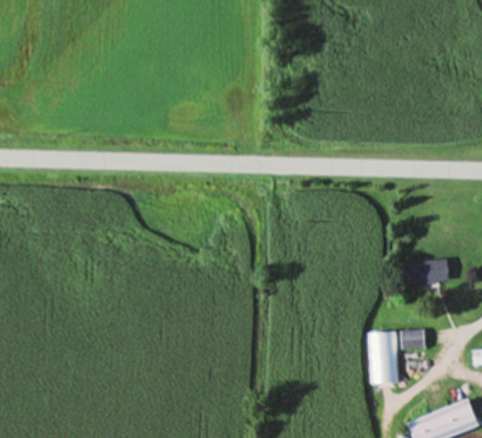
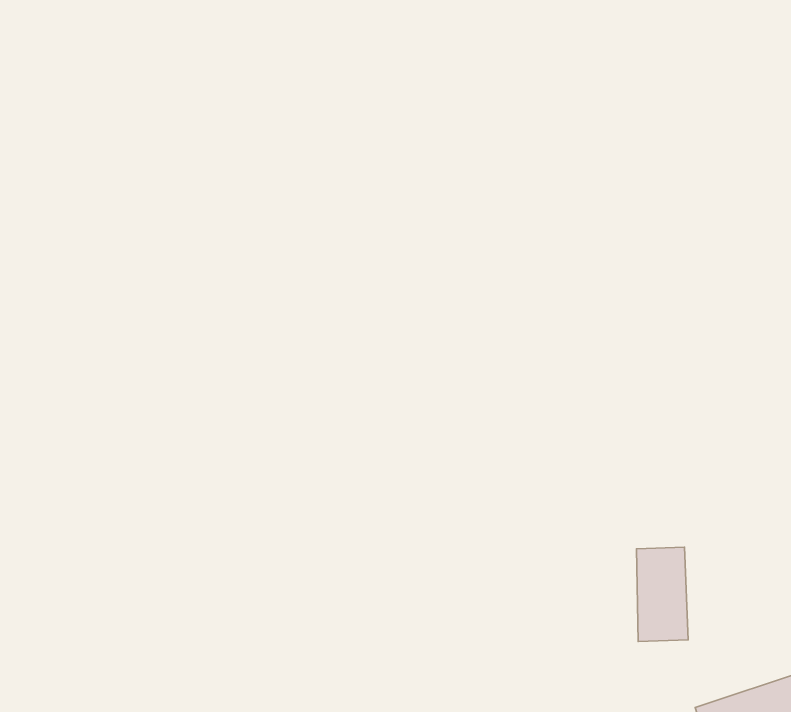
building: [407,260,448,283] -> none
building: [402,330,424,349] -> none

